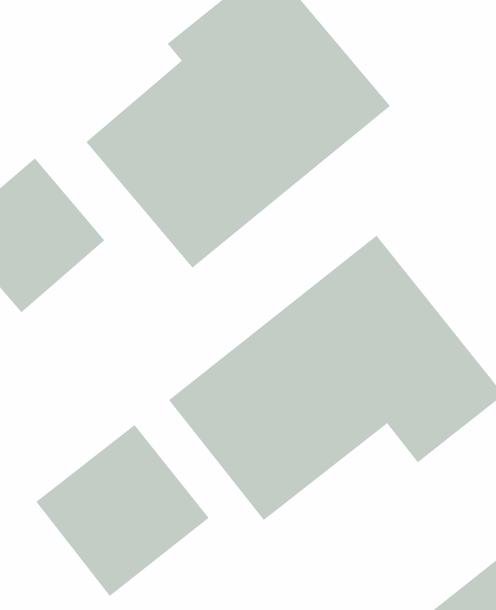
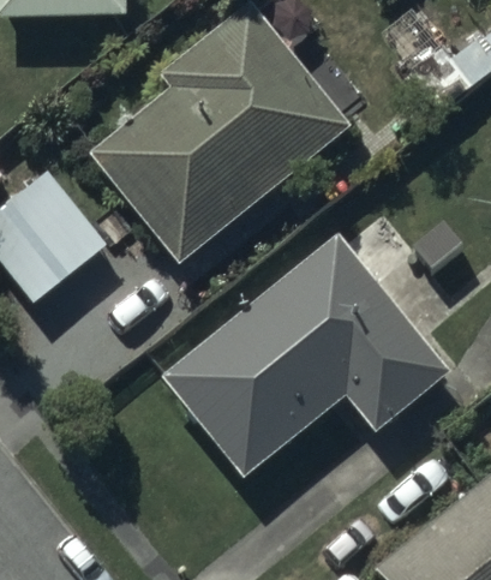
building: [35,424,209,597] -> none

